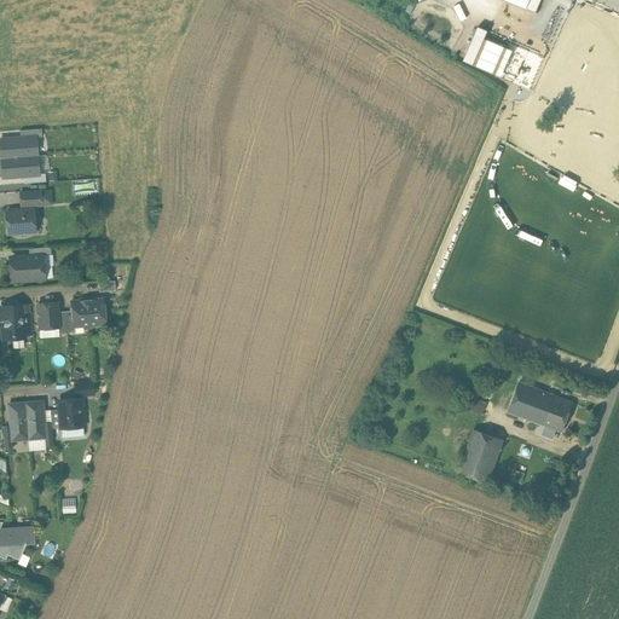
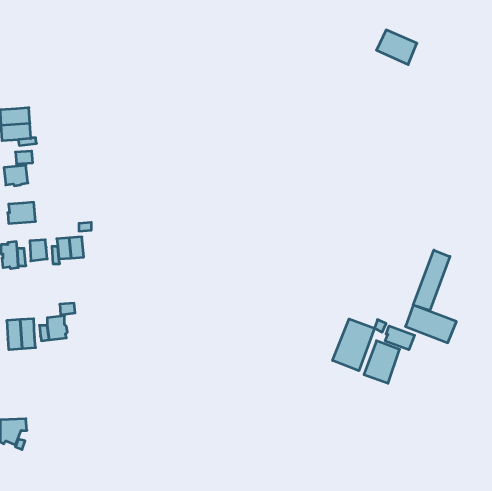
building: none -> [413,250,450,311]
building: none -> [333,319,375,371]
building: none -> [385,326,415,350]

